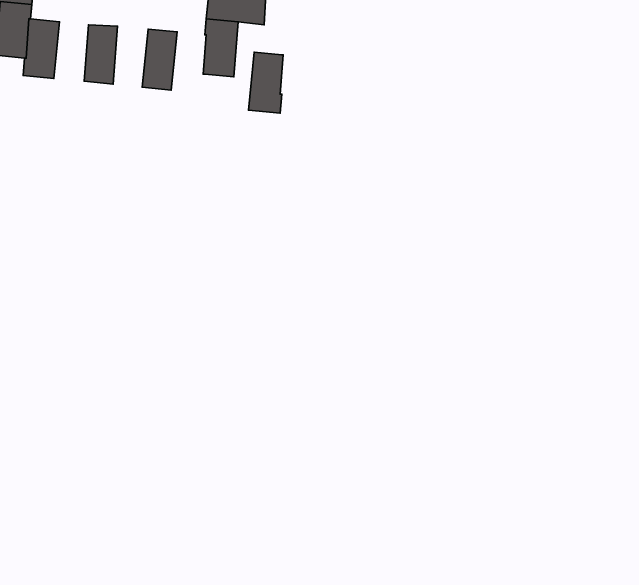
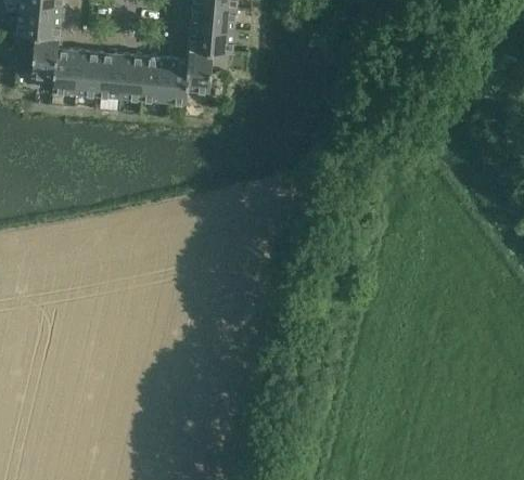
building: none -> [74,50,100,94]
building: none -> [118,53,144,99]
building: [248,52,283,113] -> [162,57,188,103]

